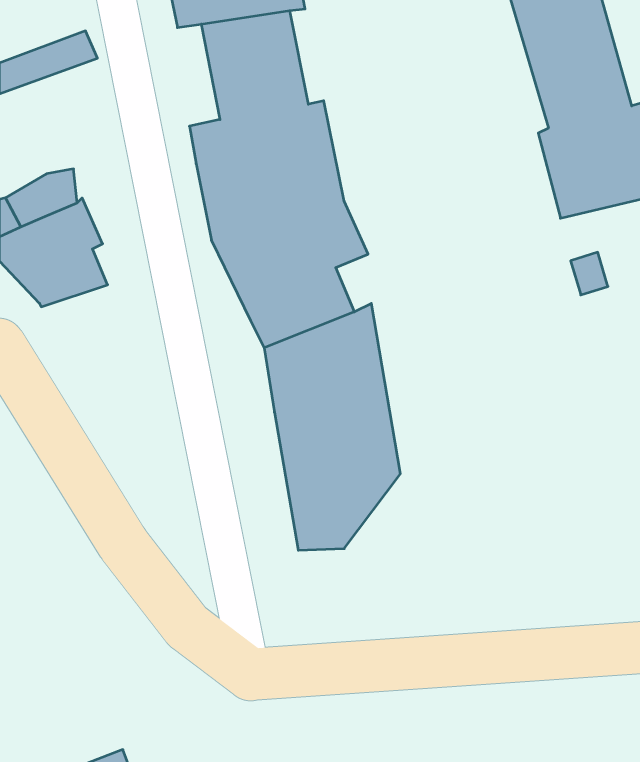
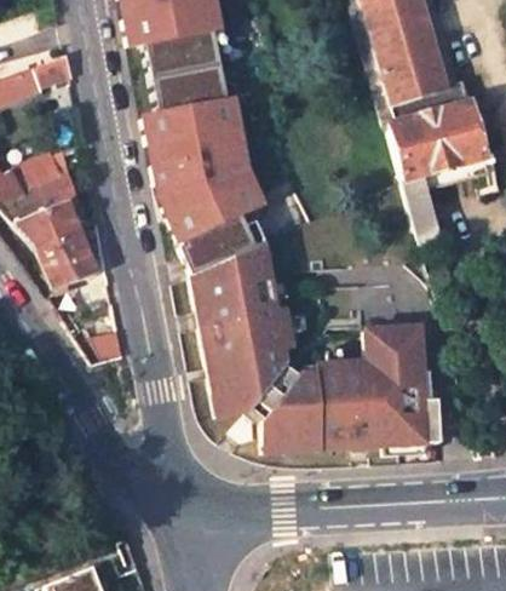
building: none -> [35,231,102,289]
building: none -> [263,327,429,457]

